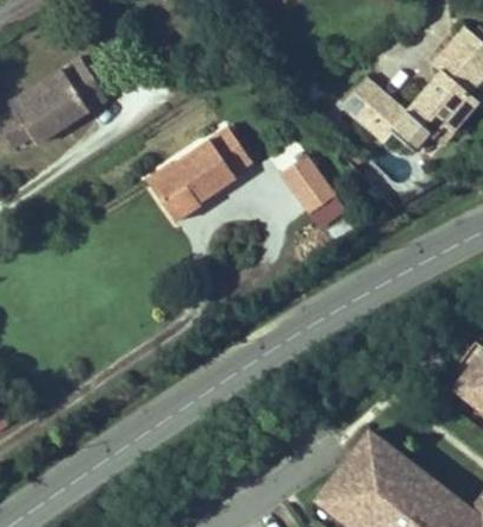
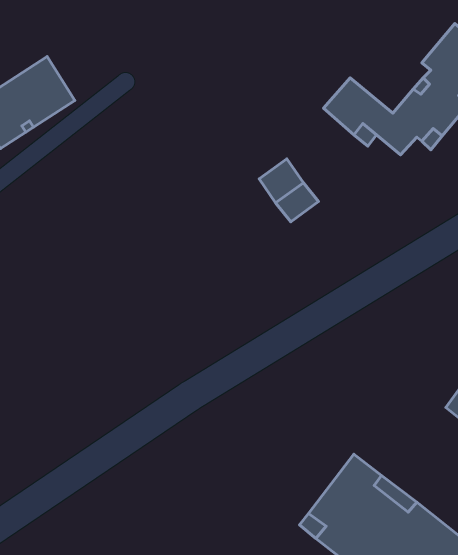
building: [146,126,253,221] -> none

